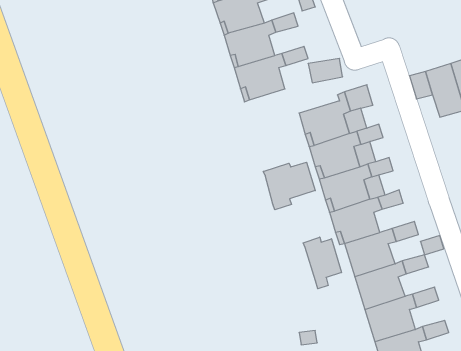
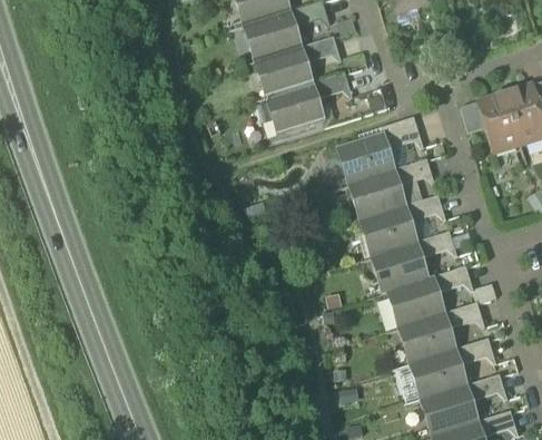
building: [263,162,315,210] -> none
building: [303,237,341,289] -> none

